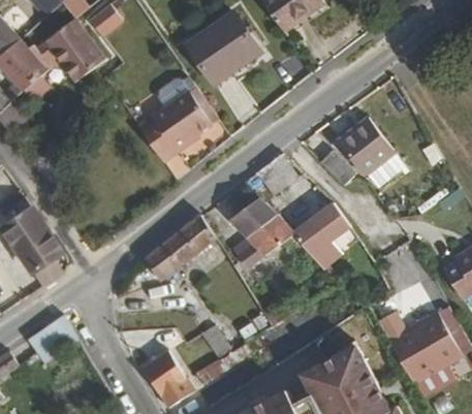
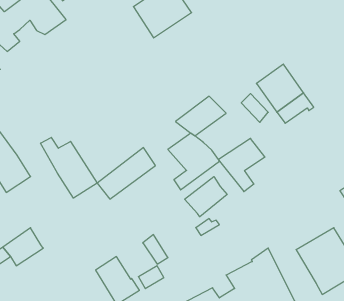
building: [135,71,217,159] -> none
building: none -> [41,137,97,198]
building: none -> [185,177,227,217]

